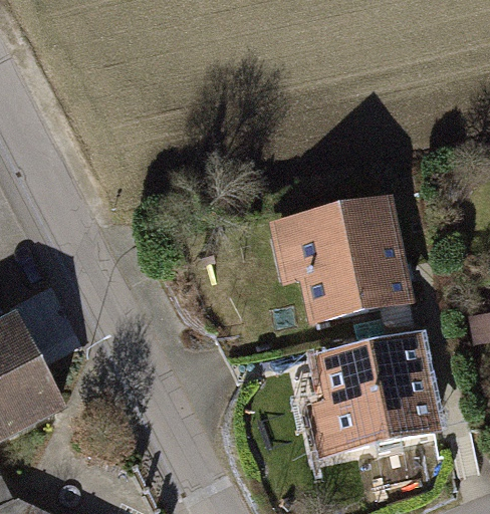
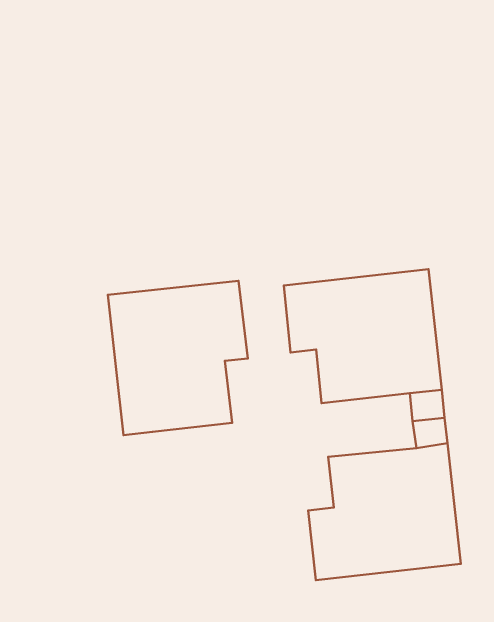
building: none -> [108,281,248,435]

